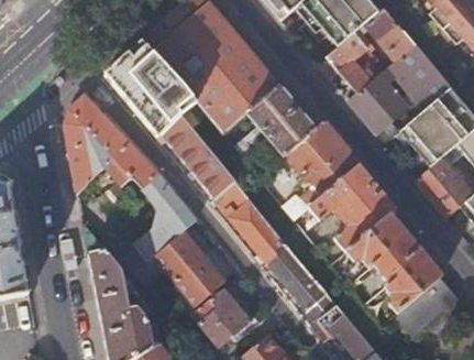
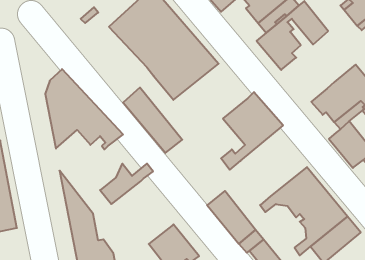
building: [101,40,199,137] -> none
building: [350,45,450,142] -> none
building: [223,86,316,175] -> none
building: [307,163,397,251] -> none
building: [142,174,190,226] -> none
building: [213,181,287,262] -> none
building: [147,229,223,305] -> none

